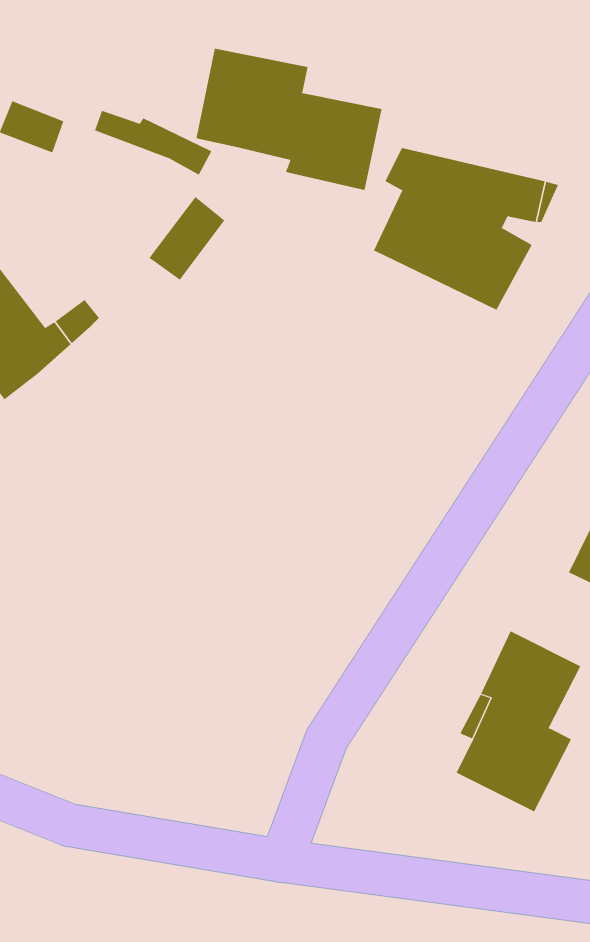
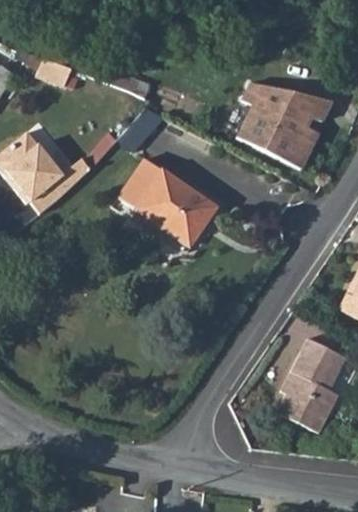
building: [196,48,382,191] -> none
building: none -> [112,158,215,244]

